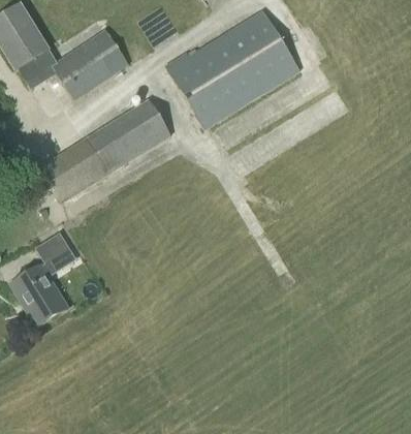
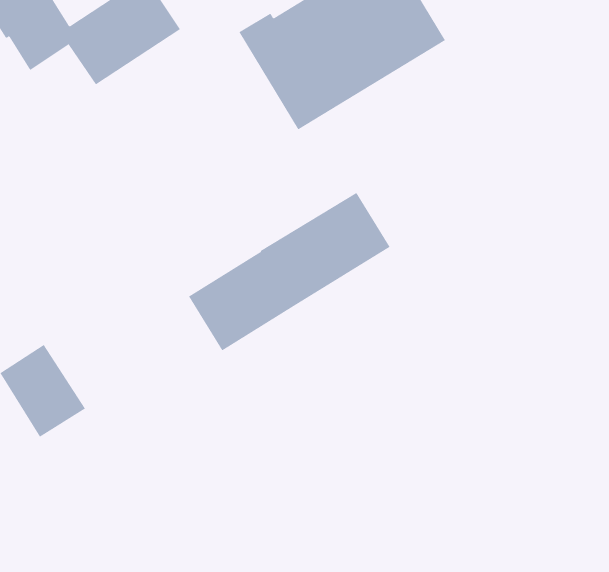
building: [39,100,169,203] -> [188,192,390,351]
building: [34,231,69,264] -> none

